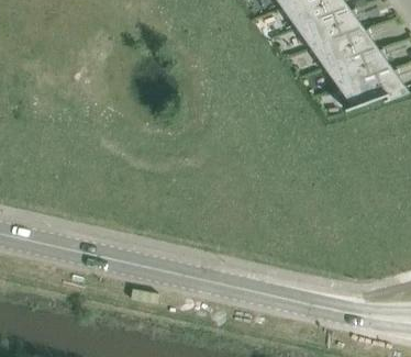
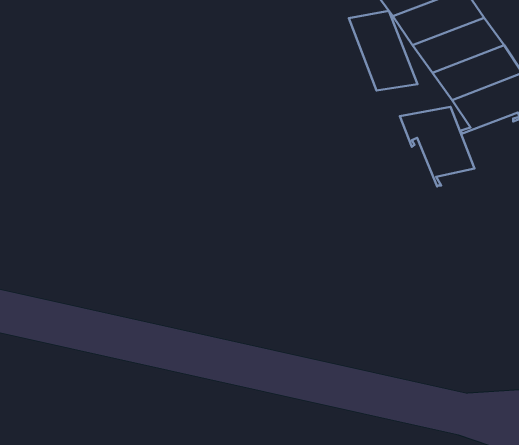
building: none -> [349,11,418,90]
building: none -> [400,107,475,187]

